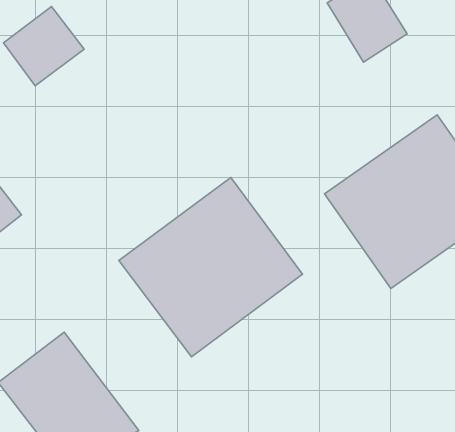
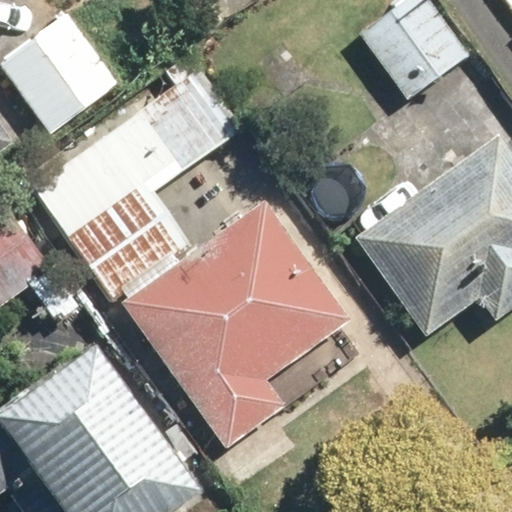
building: none -> [35,83,221,285]

